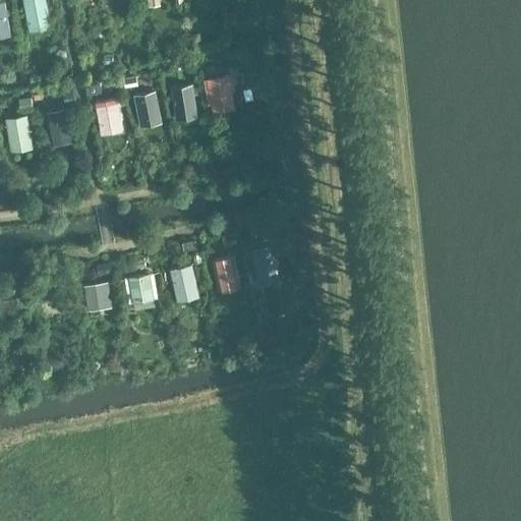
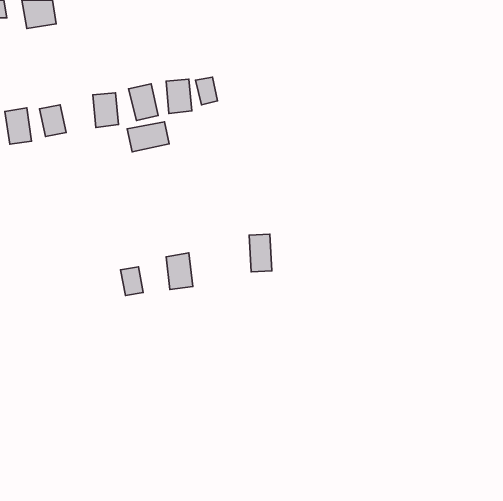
building: none -> [127,122,169,152]
building: [212,256,240,293] -> none
building: [82,281,113,311] -> none

